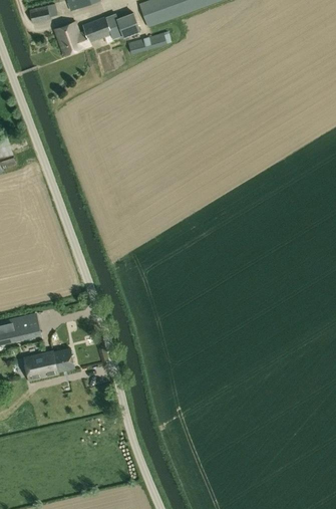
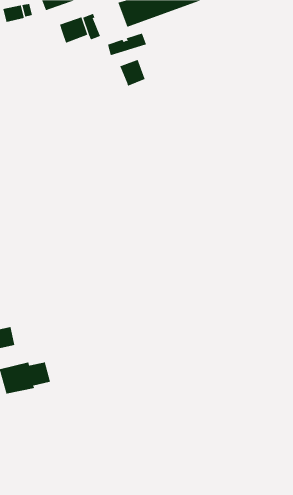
building: [114,12,139,38] -> [119,59,145,86]
building: [53,22,89,55] -> none

